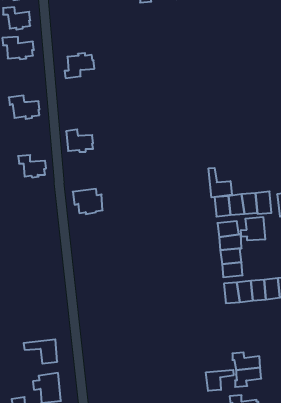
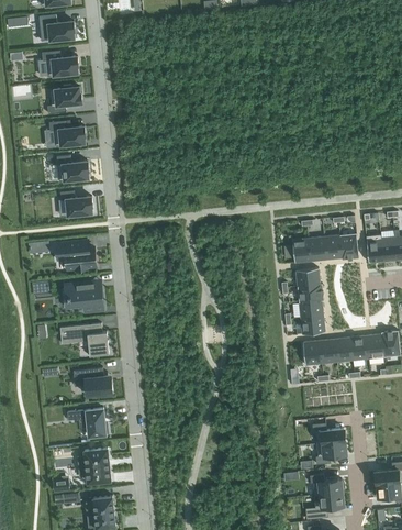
building: [65,53,94,78] -> [46,85,81,114]
building: [66,129,93,152] -> [56,155,88,181]
building: [209,168,232,197] -> none
building: [73,189,103,214] -> [59,241,94,270]
building: [241,217,265,240] -> none
building: none -> [63,281,102,312]
building: none -> [59,323,108,355]
building: none -> [72,367,113,396]
building: [206,370,233,391] -> none

